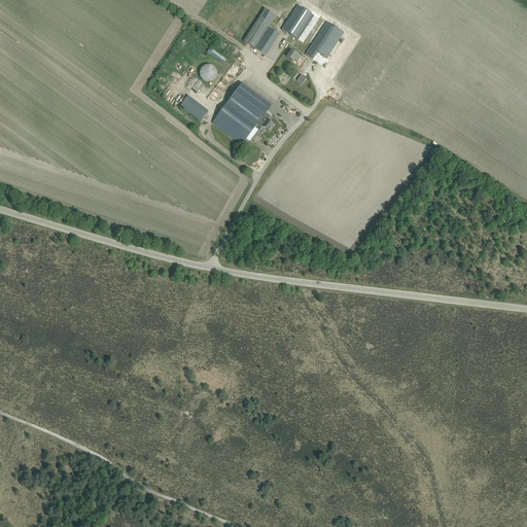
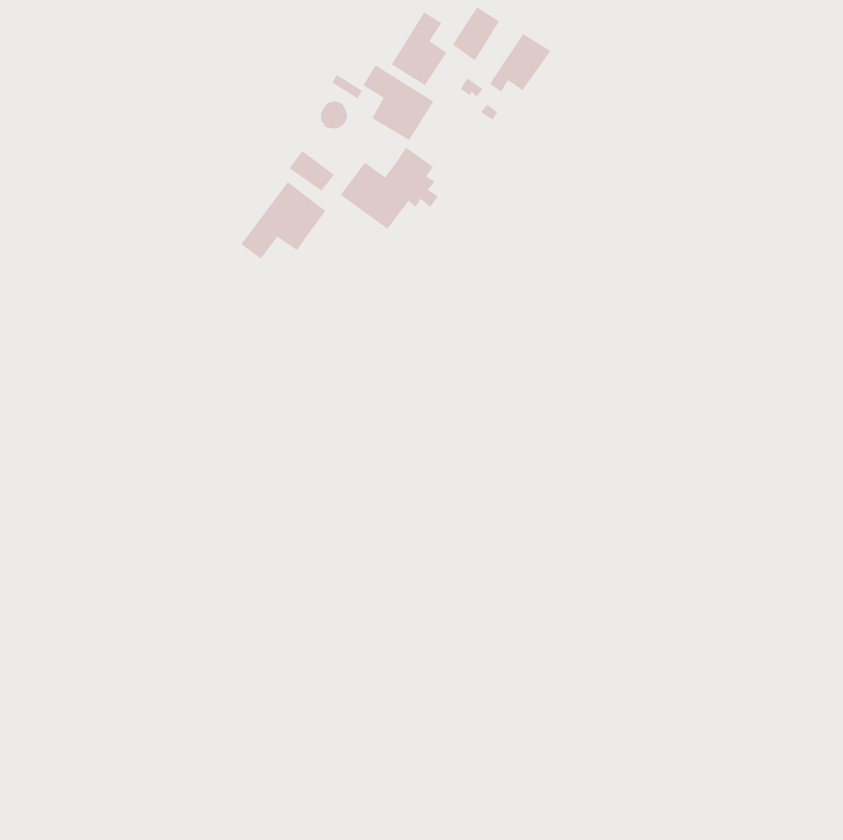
building: none -> [362,64,434,141]
building: none -> [240,181,326,260]

